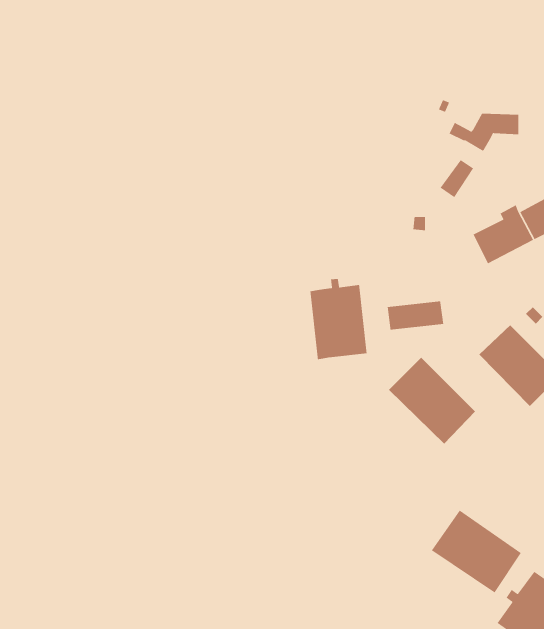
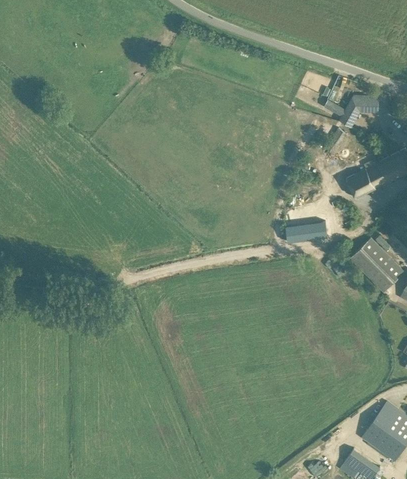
building: [309,278,368,360] -> none
building: [388,357,476,444] -> none
building: [431,509,522,594] -> none

